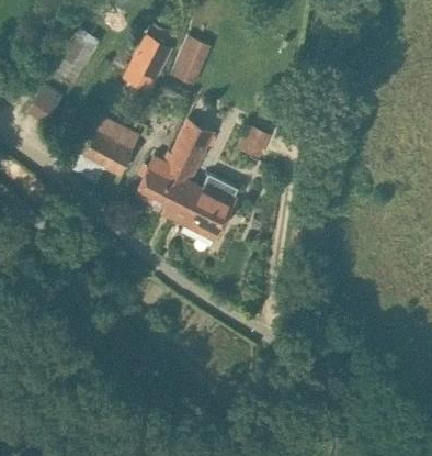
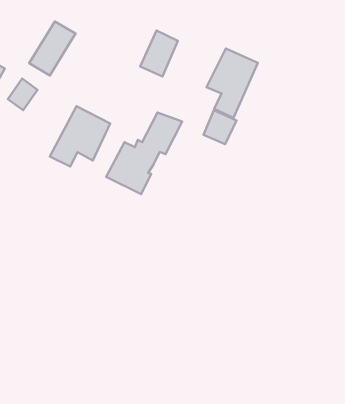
building: [123,35,171,89] -> none
building: none -> [207,48,258,118]
building: [171,166,238,241] -> none

